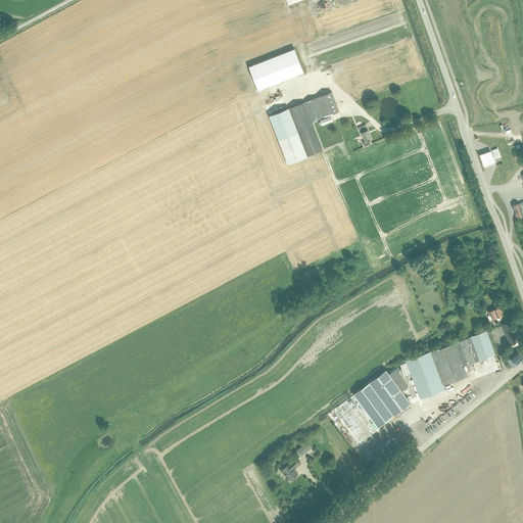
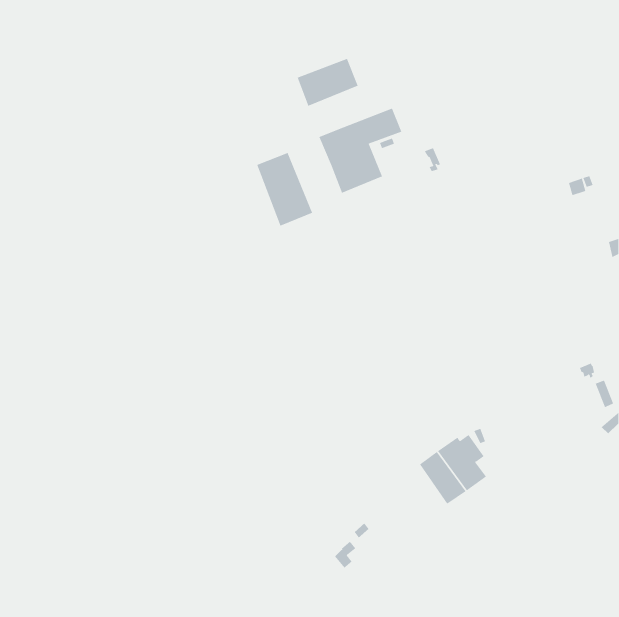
building: none -> [256,152,313,227]
building: [407,331,495,399] -> none

